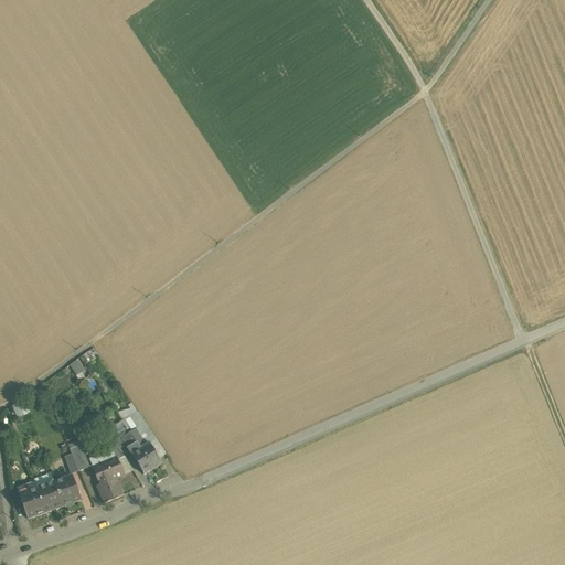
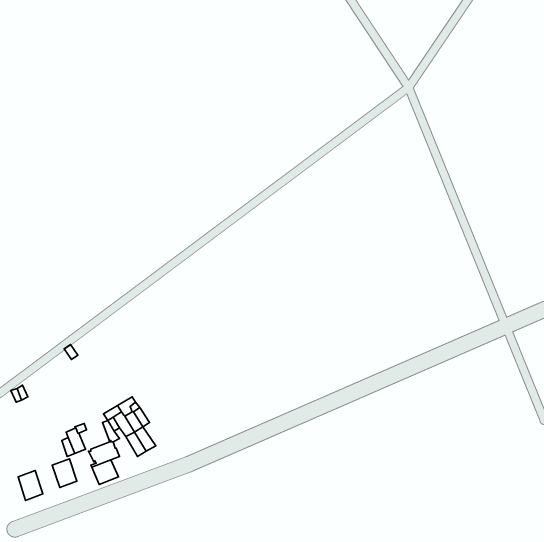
building: [36,481,62,511] -> none

